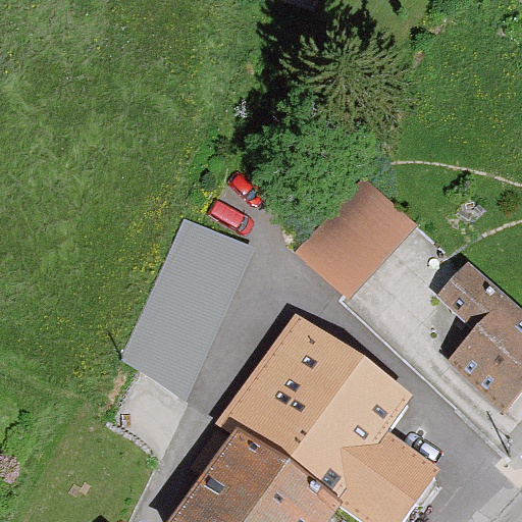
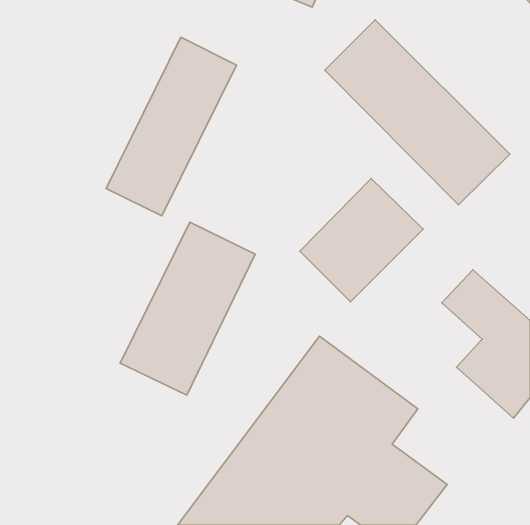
building: none -> [325,20,510,205]
building: none -> [106,37,237,216]

